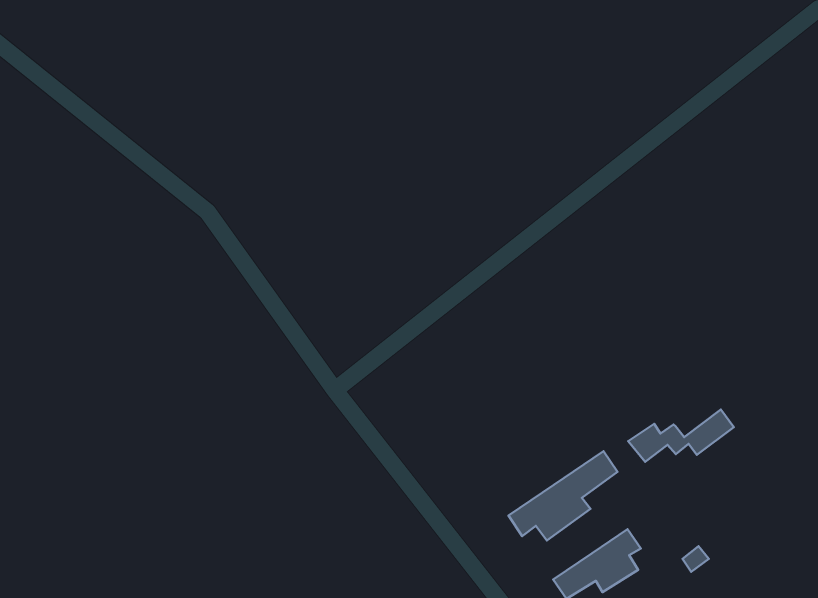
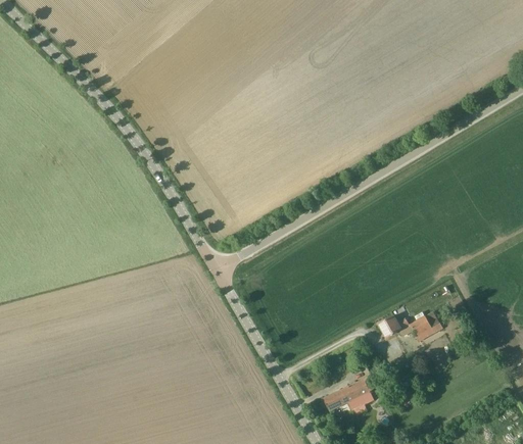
building: [508,451,617,540] -> none

